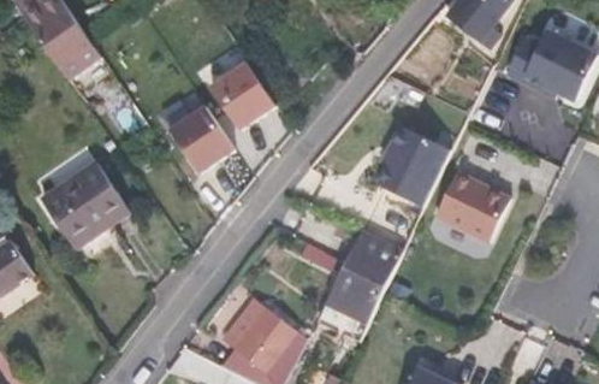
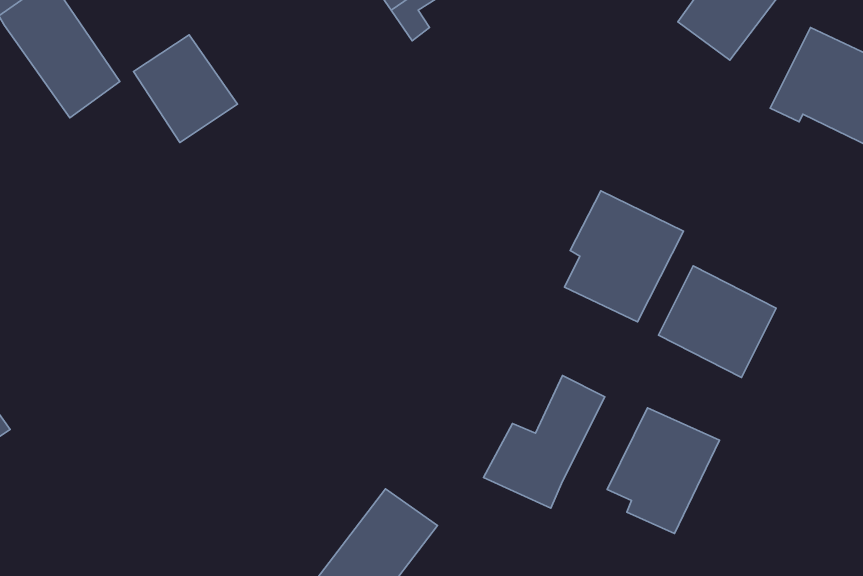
building: [210,63,274,129] -> none
building: [170,106,235,173] -> [134,35,237,143]
building: [41,161,129,248] -> none
building: none -> [607,408,720,533]

